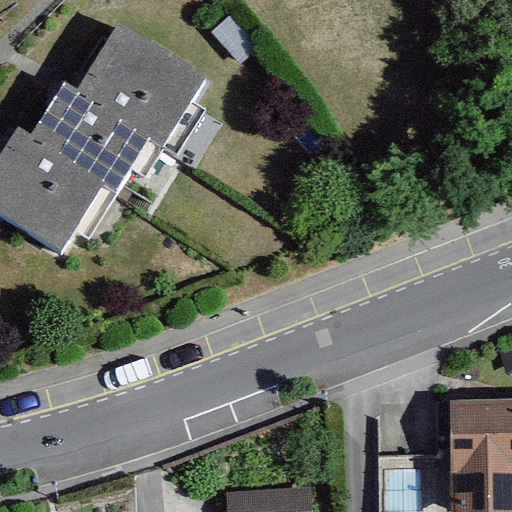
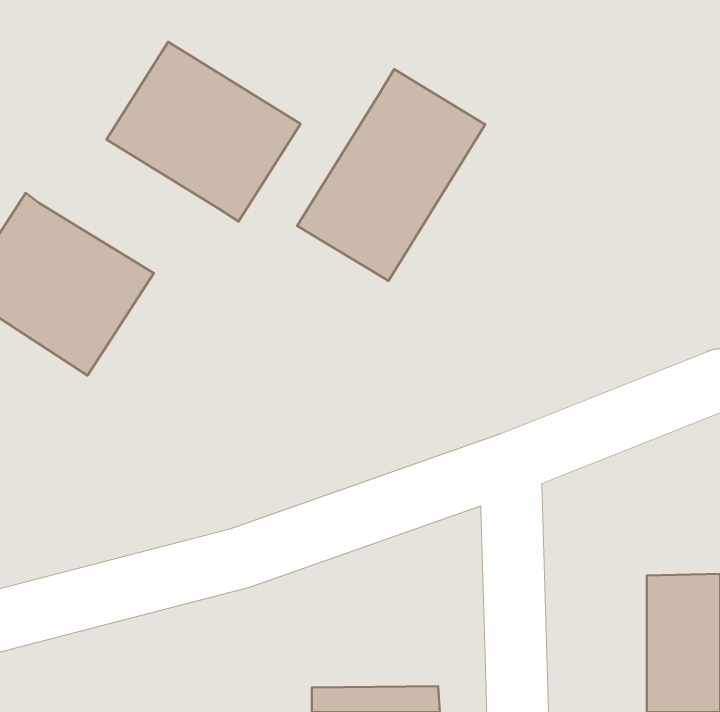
building: none -> [297,69,485,281]
building: [27,88,152,198] -> none

